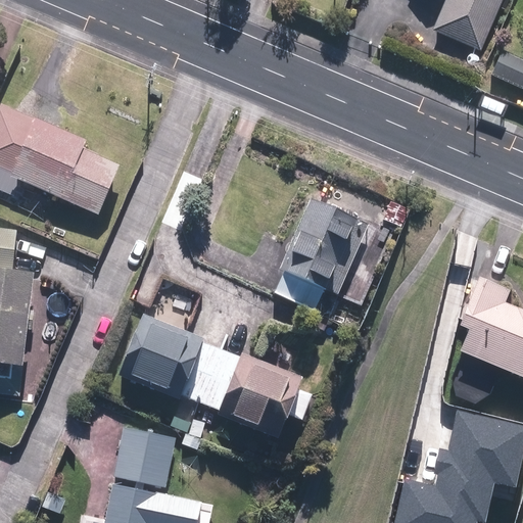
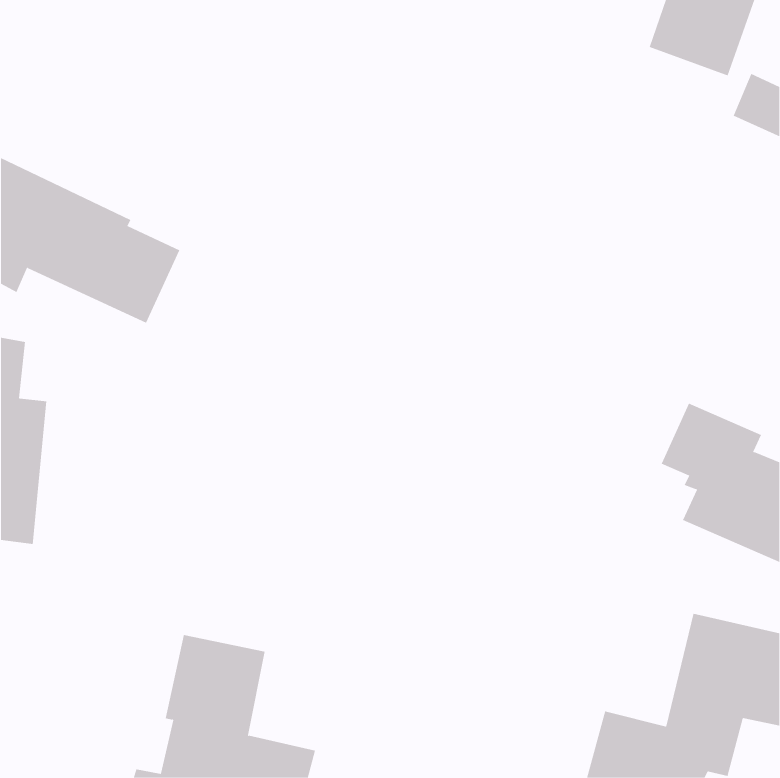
building: [272,197,371,312] -> none
building: [113,314,315,439] -> none

